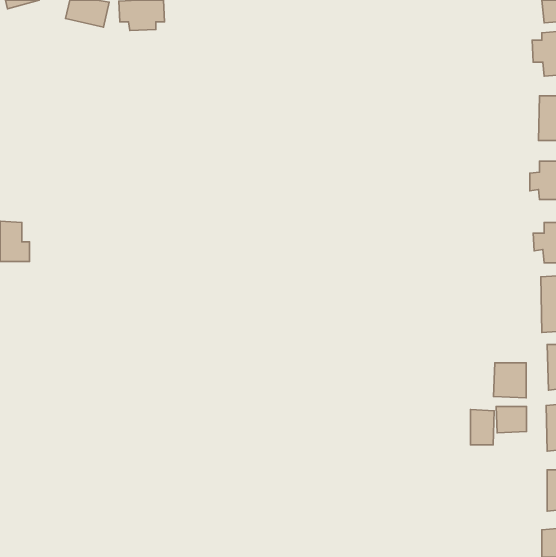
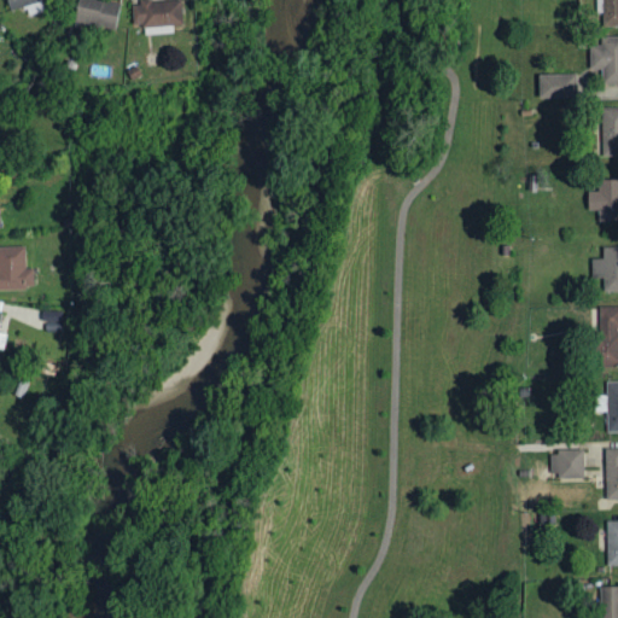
building: none -> [538,74,577,98]
building: [493,363,526,398] -> none
building: [470,410,494,445] -> none

